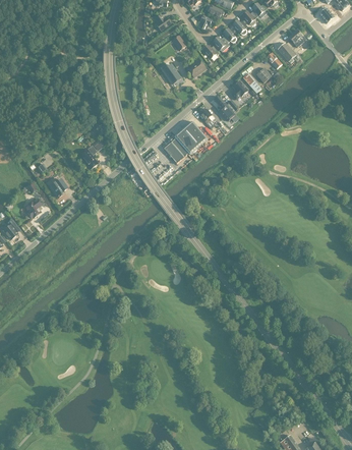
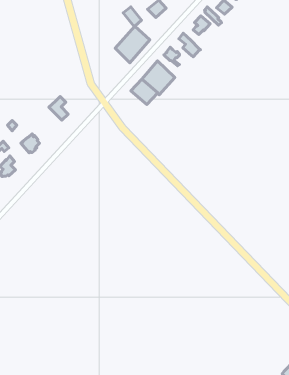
building: none -> [115,26,150,63]

